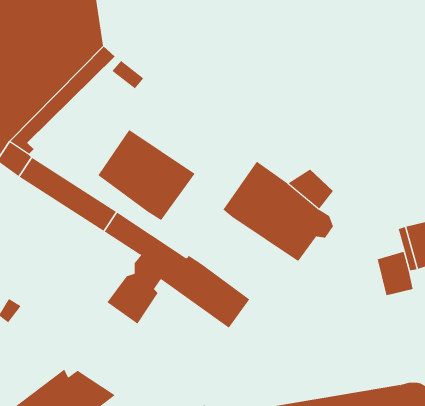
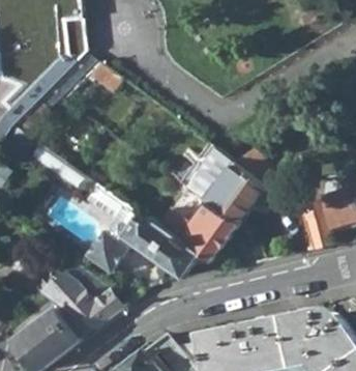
building: [97,129,195,221] -> [162,187,240,259]
building: none -> [36,273,122,327]

